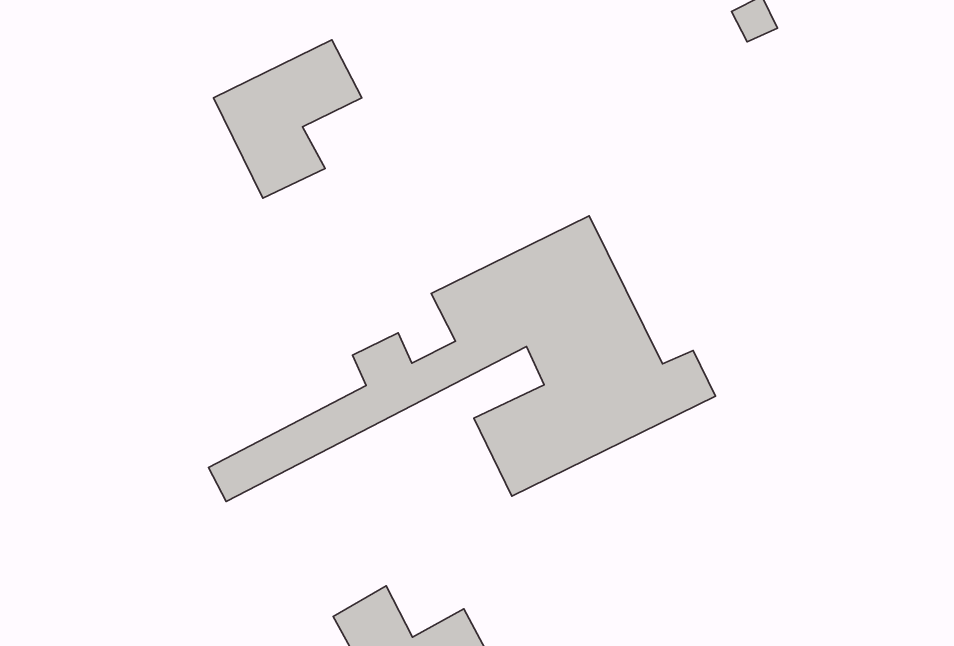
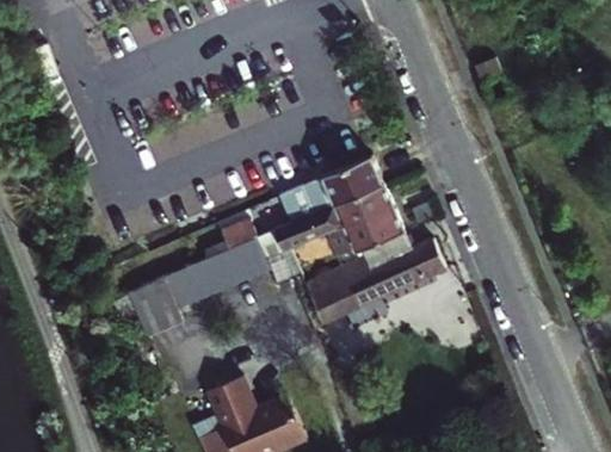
building: [213,40,362,198] -> none

